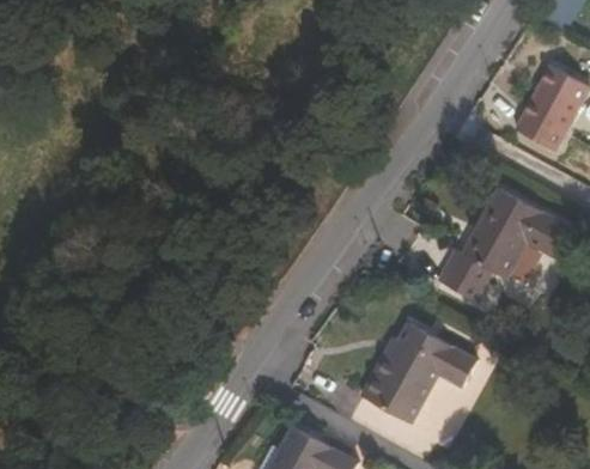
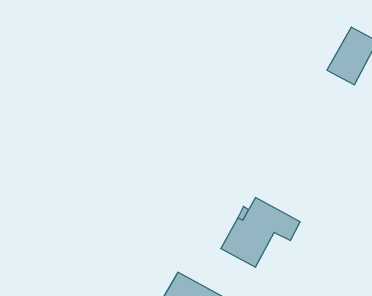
building: [438,189,572,303] -> none

